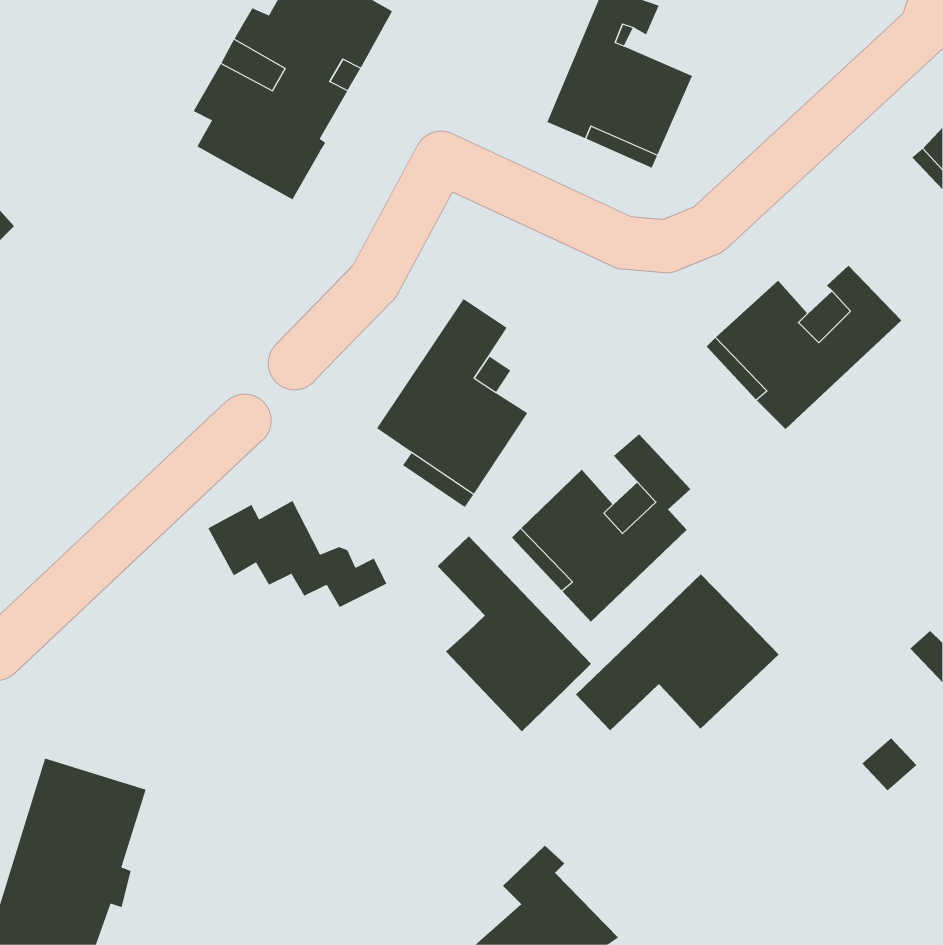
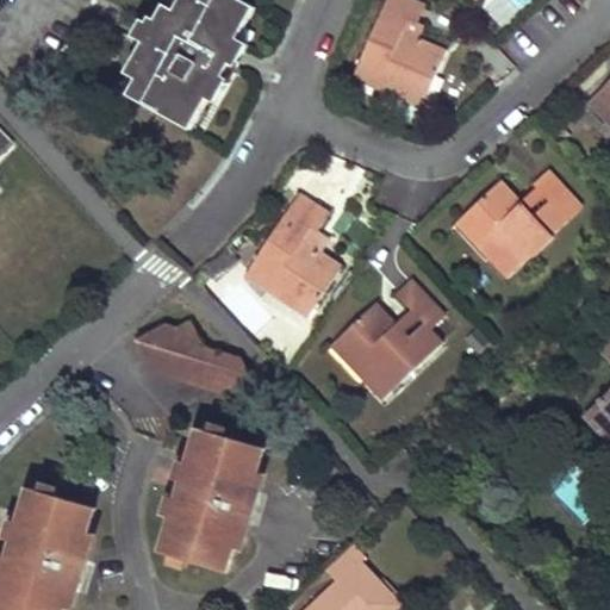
building: [437,536,592,732] -> none
building: [575,574,780,731] -> none
building: none -> [161,428,263,573]

